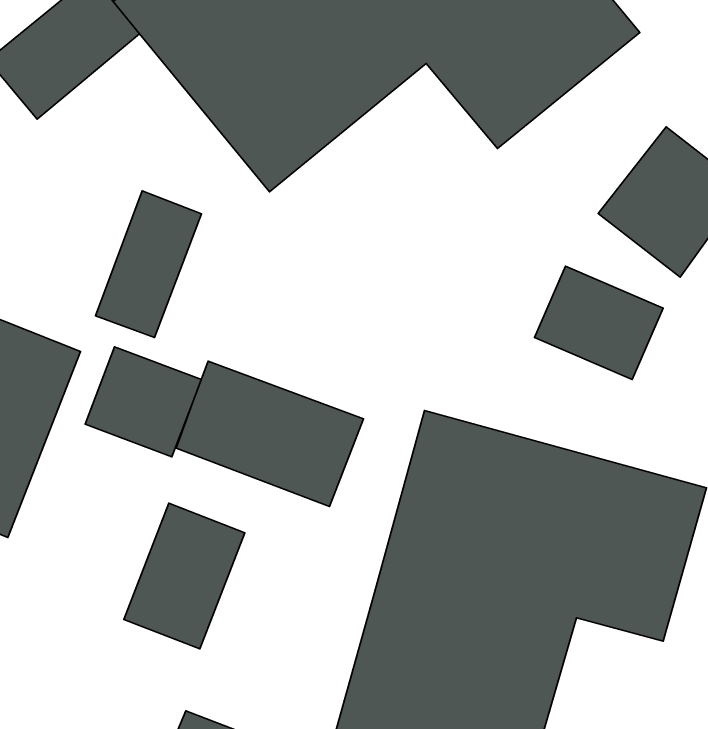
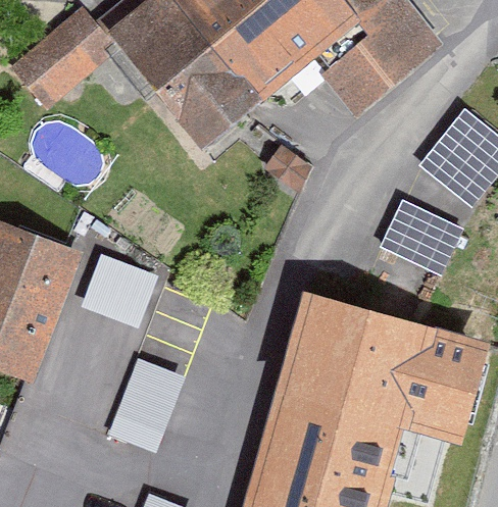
building: [96,191,201,337] -> none
building: [176,361,363,507] -> none

